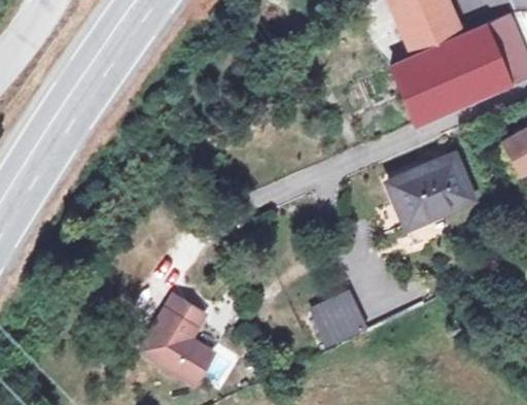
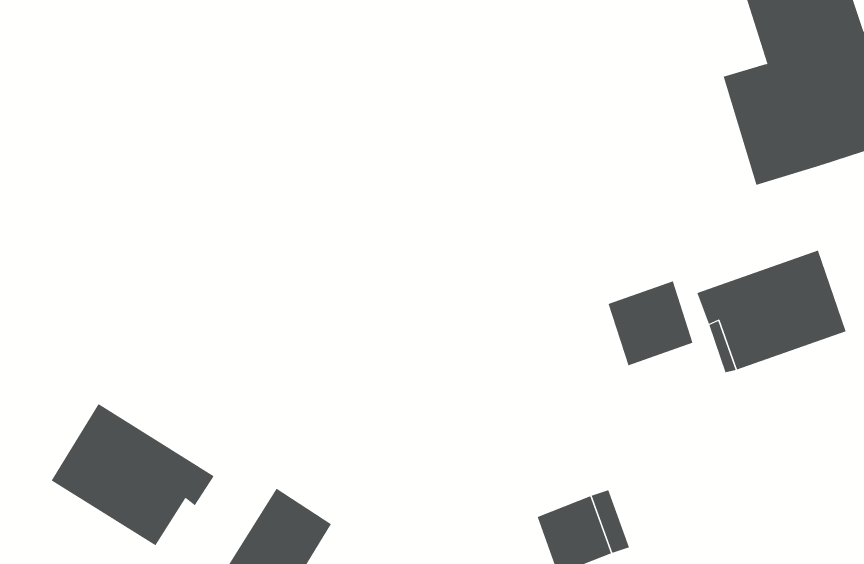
building: none -> [608,281,693,366]
building: none -> [51,403,215,546]

